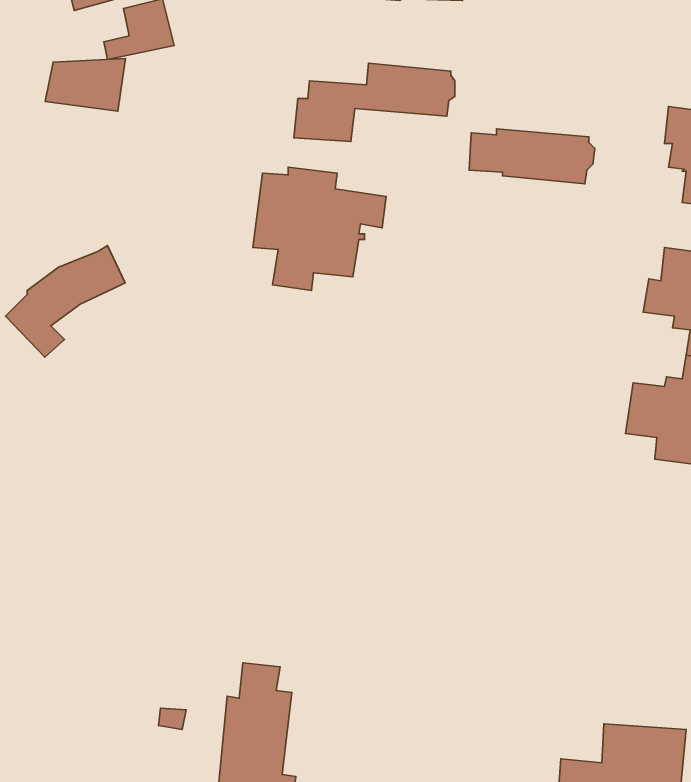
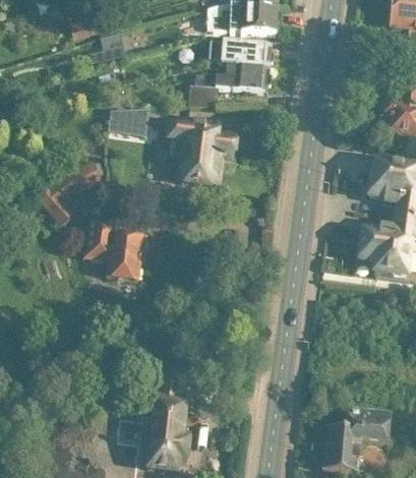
building: [45,58,126,111] -> [108,105,150,132]
building: [469,129,595,184] -> [209,40,274,68]
building: none -> [84,216,144,280]

